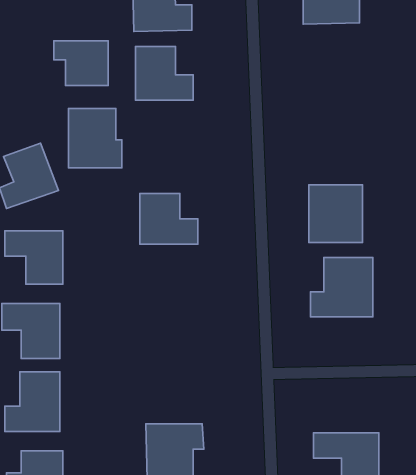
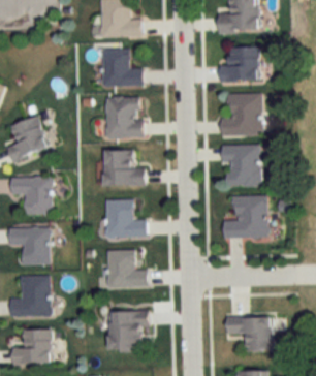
building: [54,41,108,86] -> none
building: none -> [219,46,257,82]
building: [68,109,122,168] -> [106,97,144,138]
building: none -> [221,94,260,135]
building: none -> [105,199,146,238]
building: none -> [107,250,147,286]

